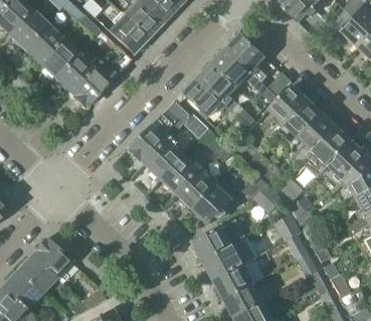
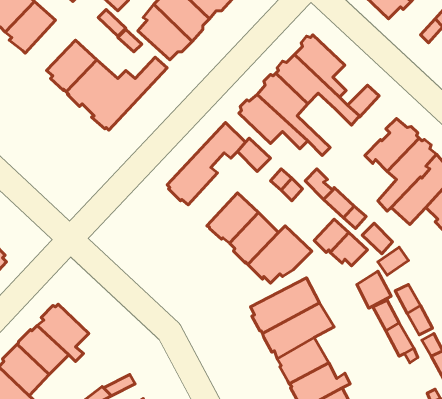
building: [22,23,60,61] -> none
building: [263,85,304,137] -> none
building: [146,139,183,179] -> none

